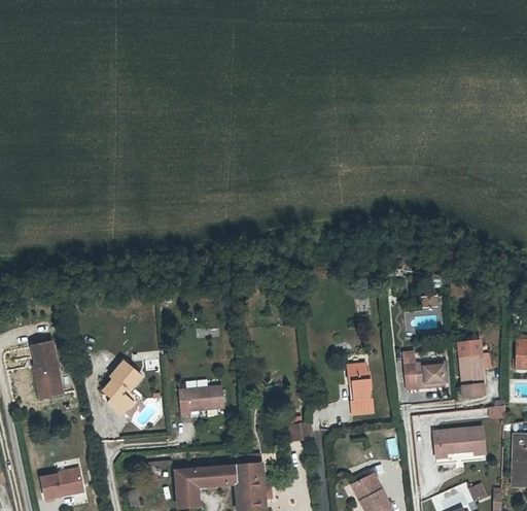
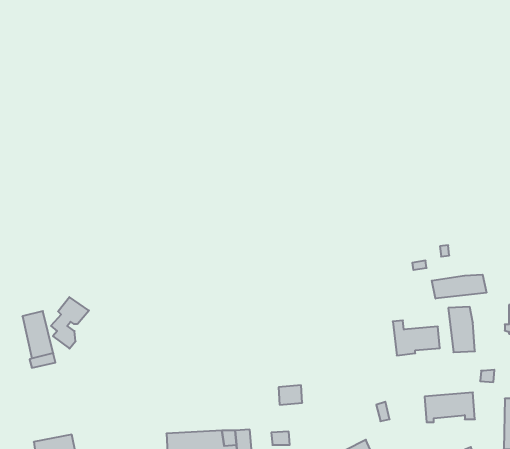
building: none -> [432,275,486,299]
building: [103,361,141,412] -> [51,297,89,349]
building: [348,362,375,413] -> none
building: [179,386,223,413] -> none

